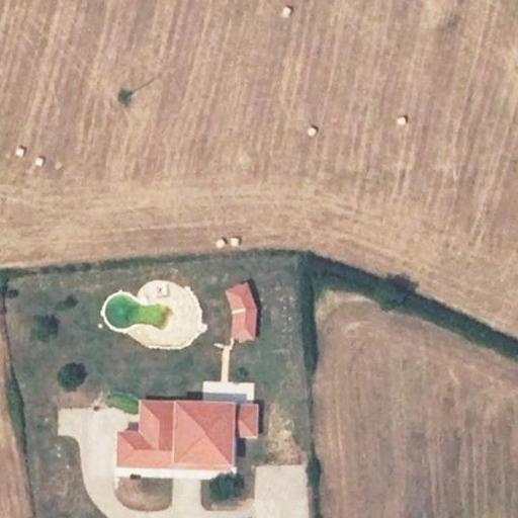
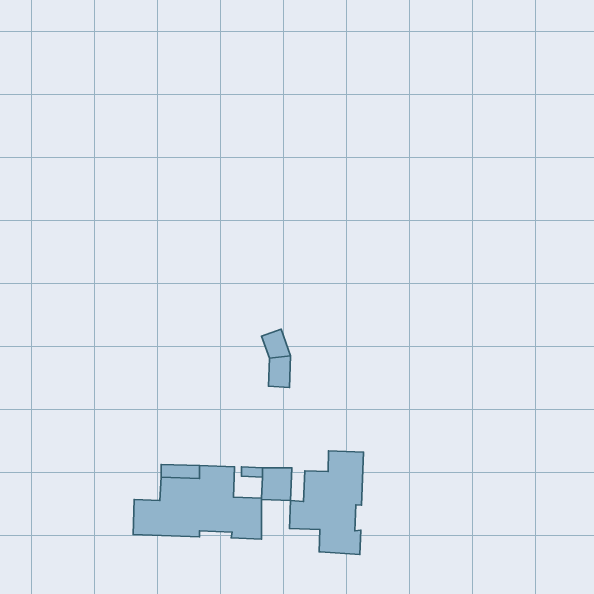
building: none -> [289,451,364,554]

